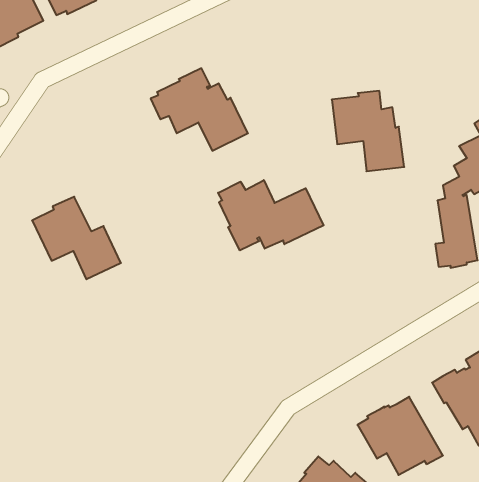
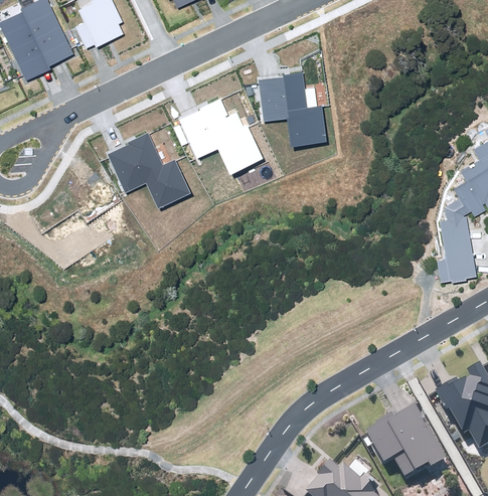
building: [332,91,404,171] -> [259,71,326,146]
building: [218,180,324,250] -> none
building: [32,197,121,279] -> [108,132,190,208]

